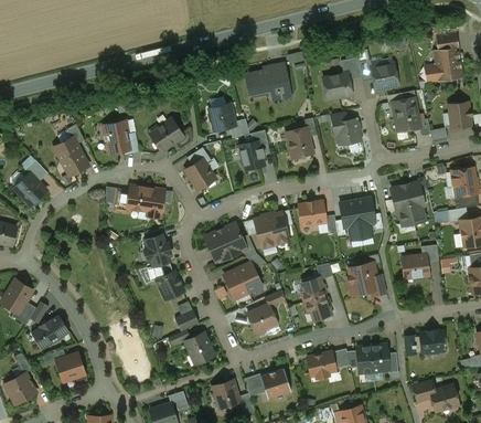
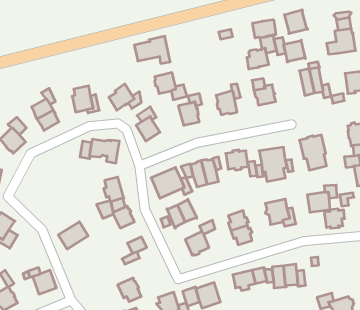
building: none -> [284,10,308,34]
building: none -> [253,20,276,38]
building: [245,64,290,98] -> [134,36,170,63]
building: [32,315,70,349] -> [58,222,88,249]
building: [419,330,445,355] -> [324,209,345,228]
building: [184,332,214,362] -> [118,278,141,302]

